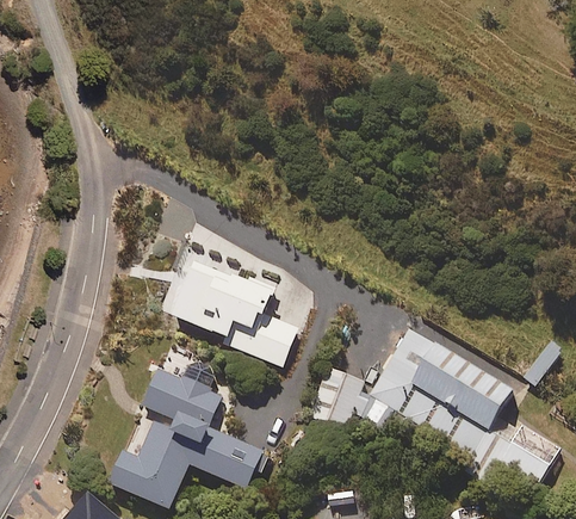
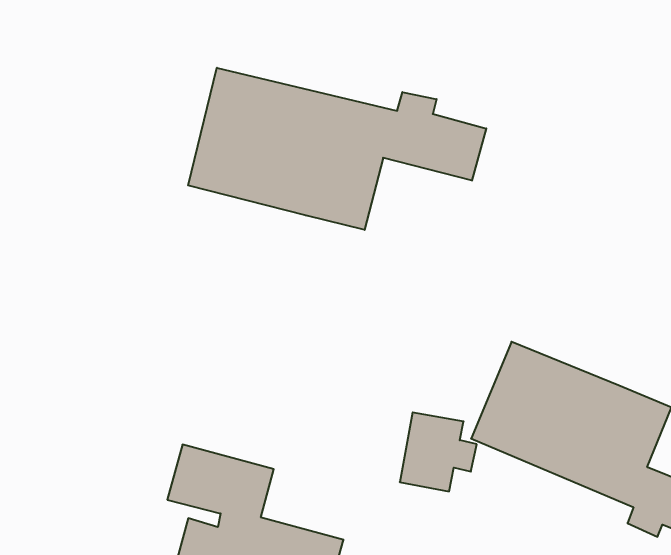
building: none -> [188,68,486,230]
building: [178,266,302,371] -> none

